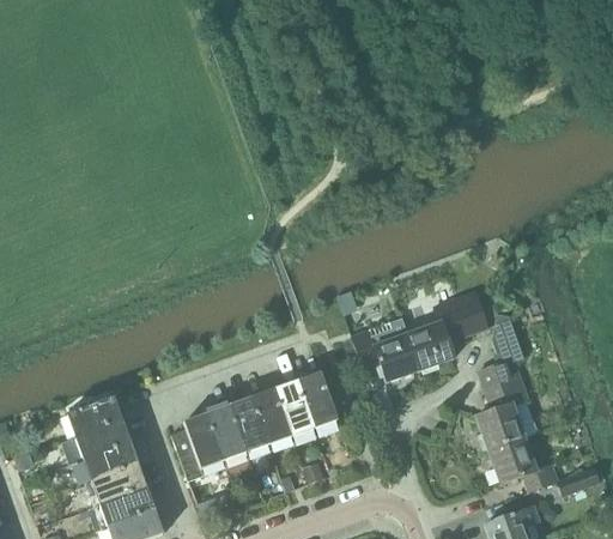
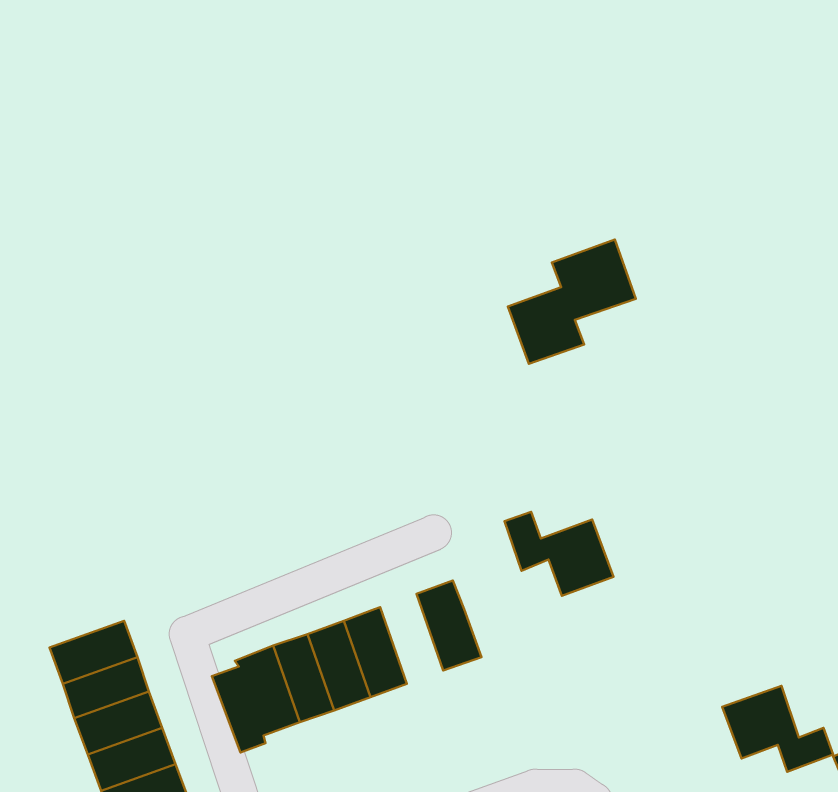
building: [407,291,487,369] -> [508,239,636,364]
building: [477,316,529,450] -> none
building: [274,380,314,436] -> none

